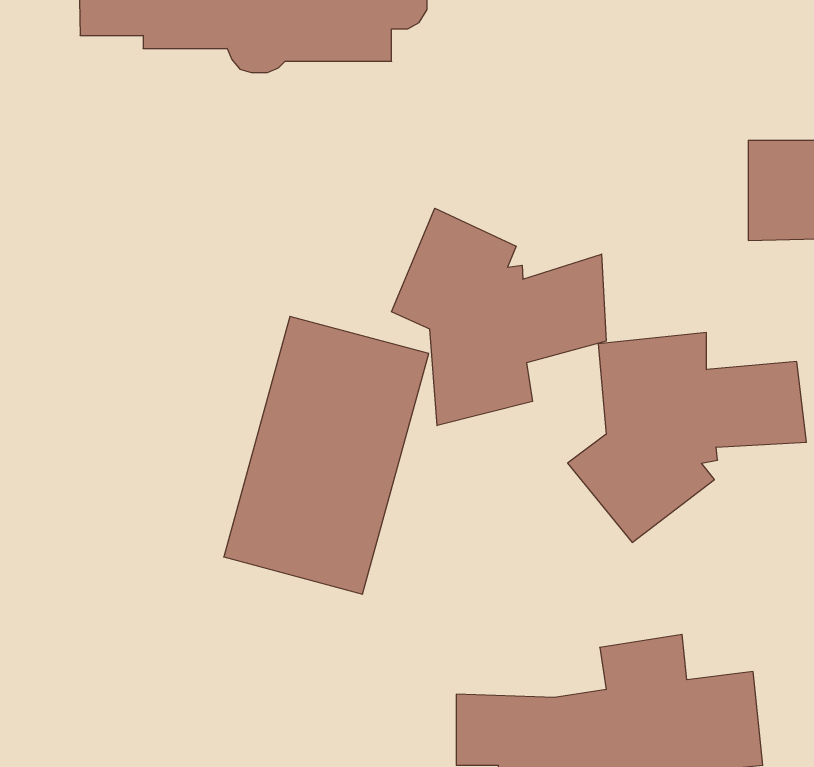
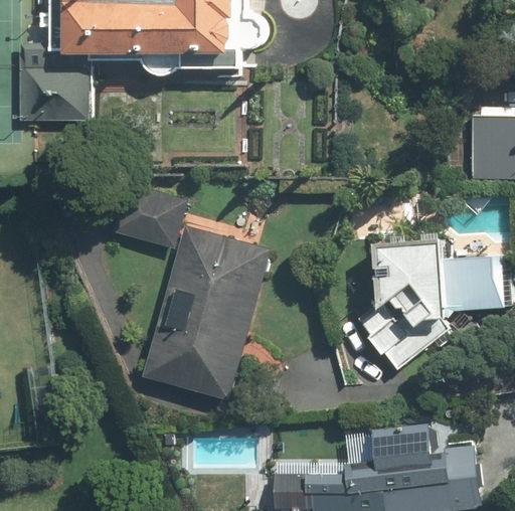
building: none -> [20,49,91,128]
building: [392,208,606,426] -> none
building: none -> [115,185,187,248]

